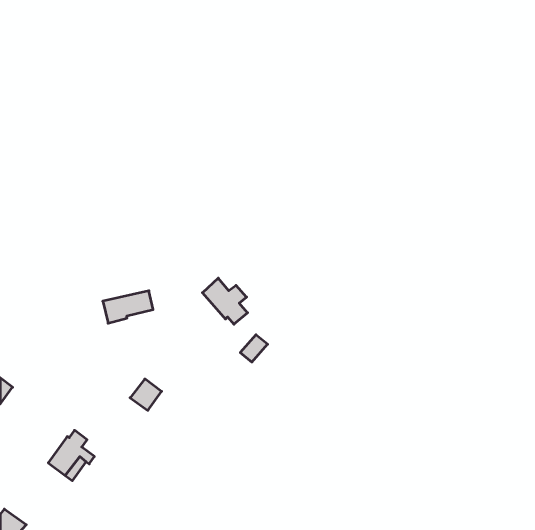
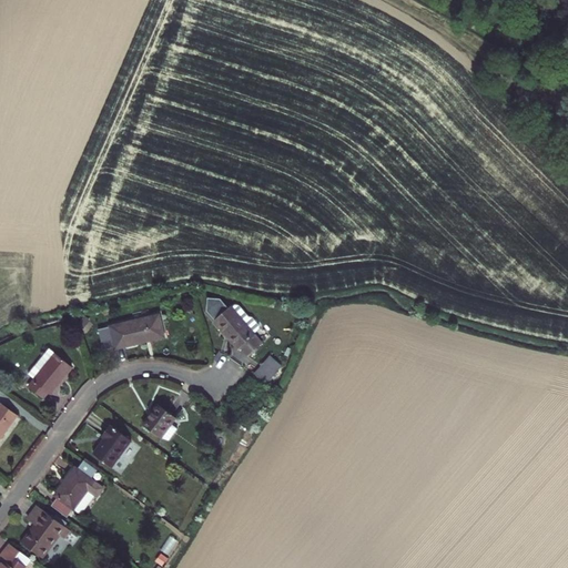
building: none -> [23,349,68,400]
building: none -> [93,427,130,469]
building: none -> [19,508,63,559]

